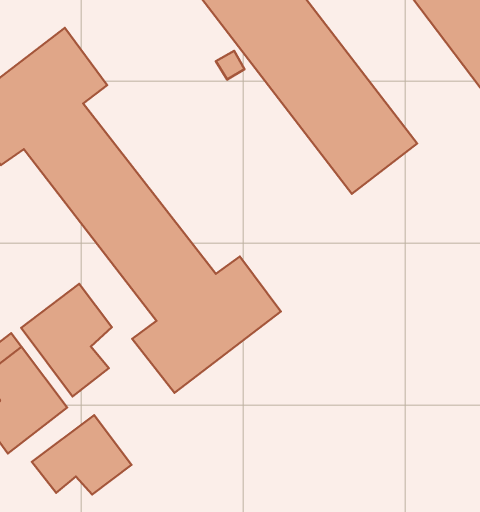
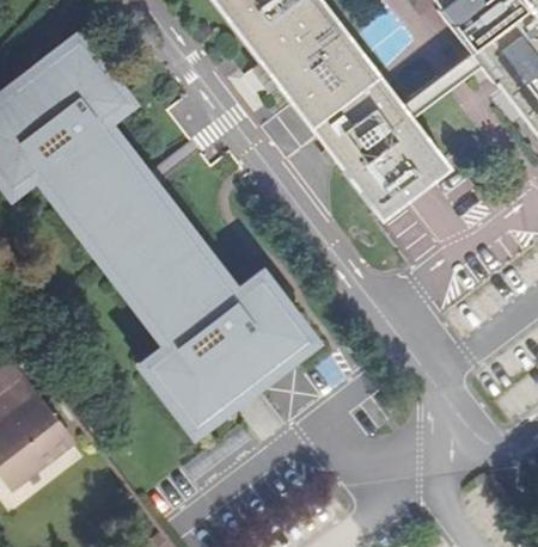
building: [21,284,112,397] -> none
building: [32,415,132,494] -> none

